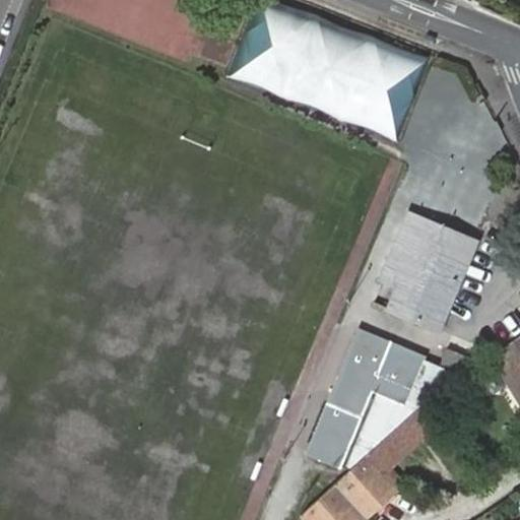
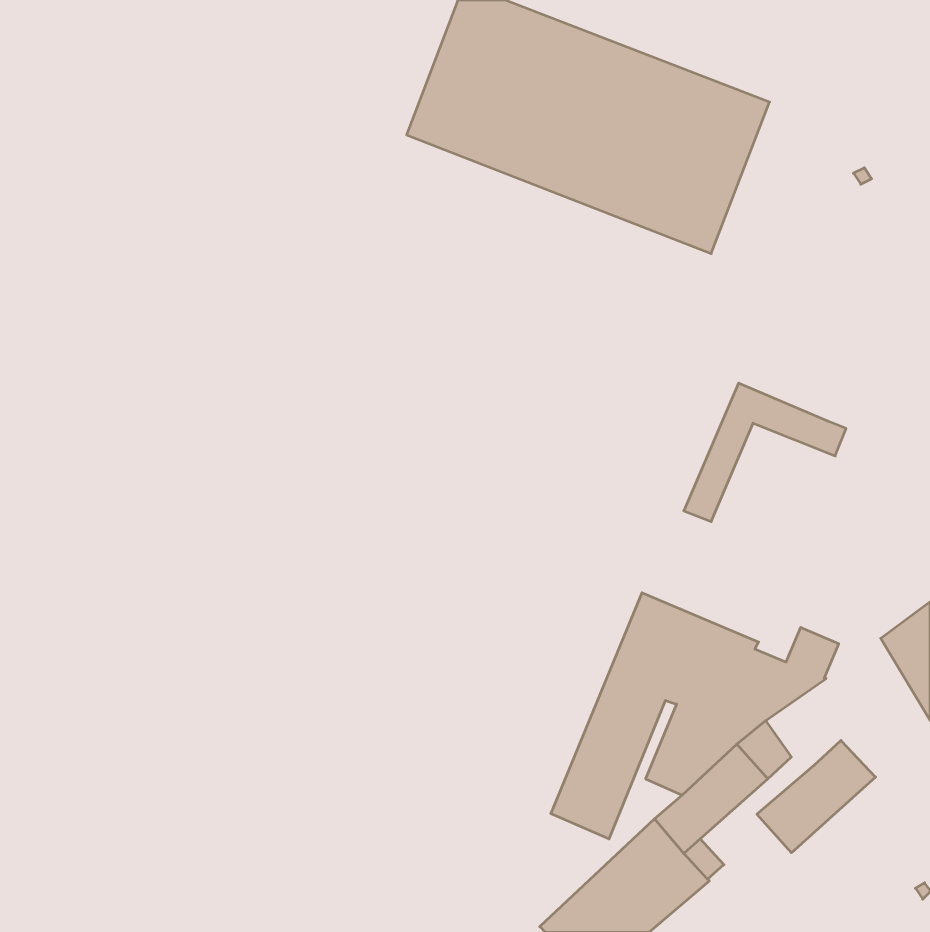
building: [373,236,472,330] -> none
building: none -> [757,740,876,853]

